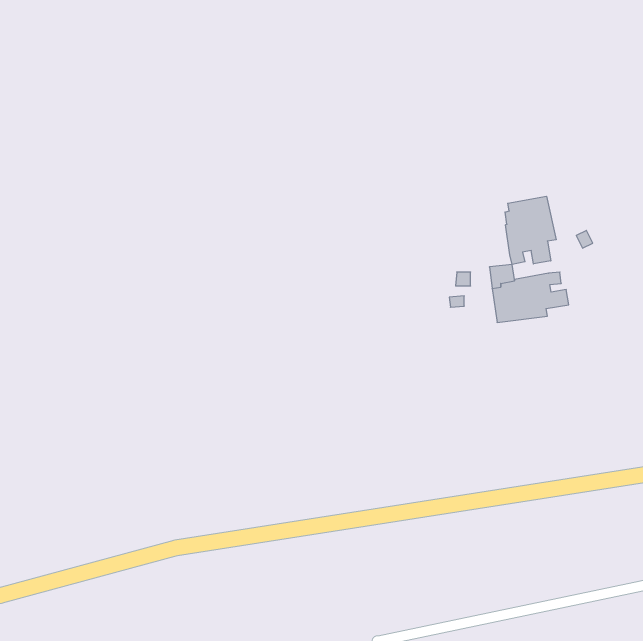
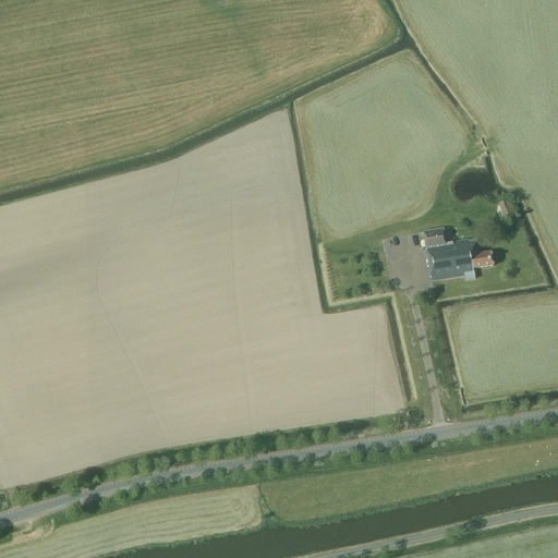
building: [505,196,556,264] -> none

